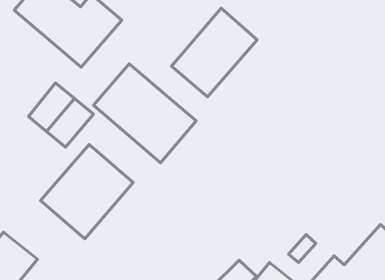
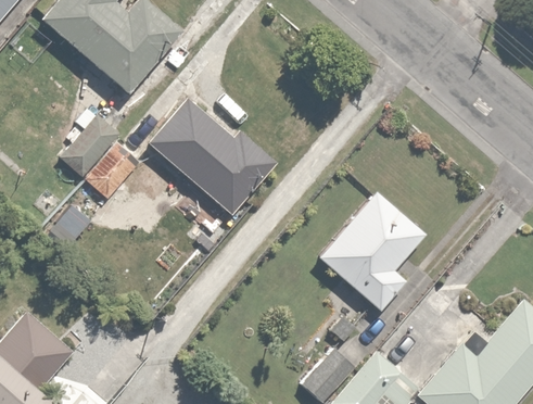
building: [172,8,257,97] -> none
building: none -> [317,190,427,312]
building: [41,145,133,239] -> none

